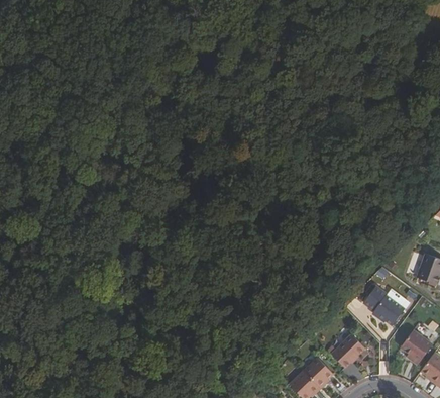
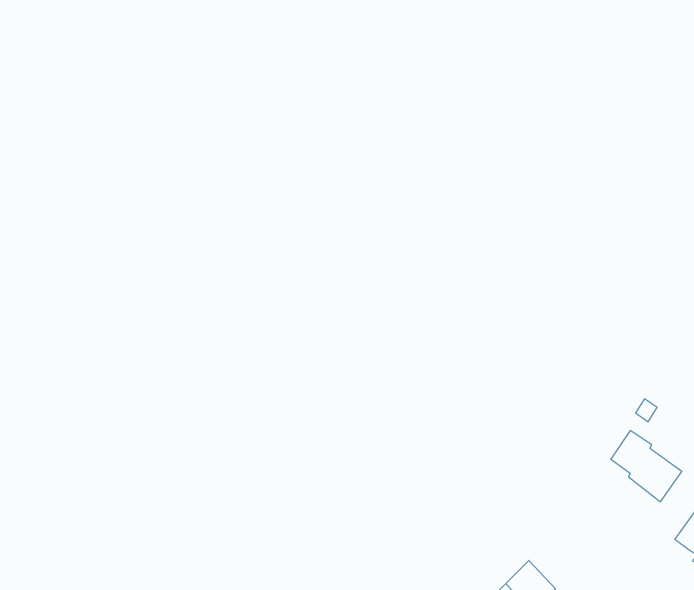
building: [329,334,362,367] -> none

